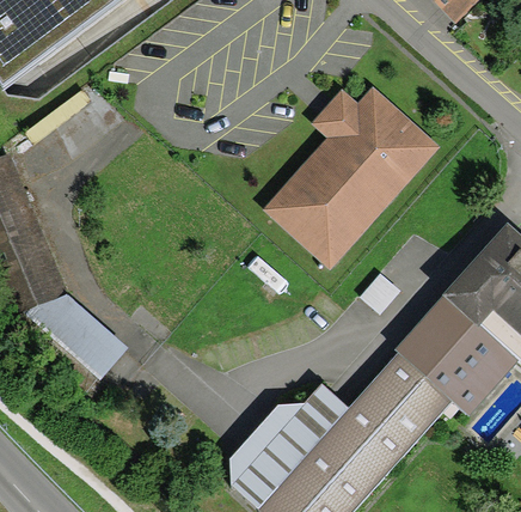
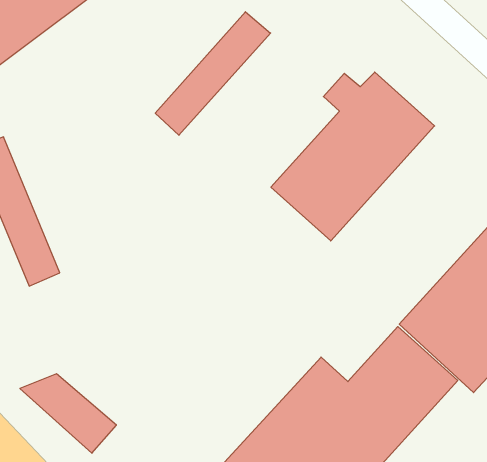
building: none -> [155,12,271,135]
building: [32,298,127,376] -> [20,374,116,453]

